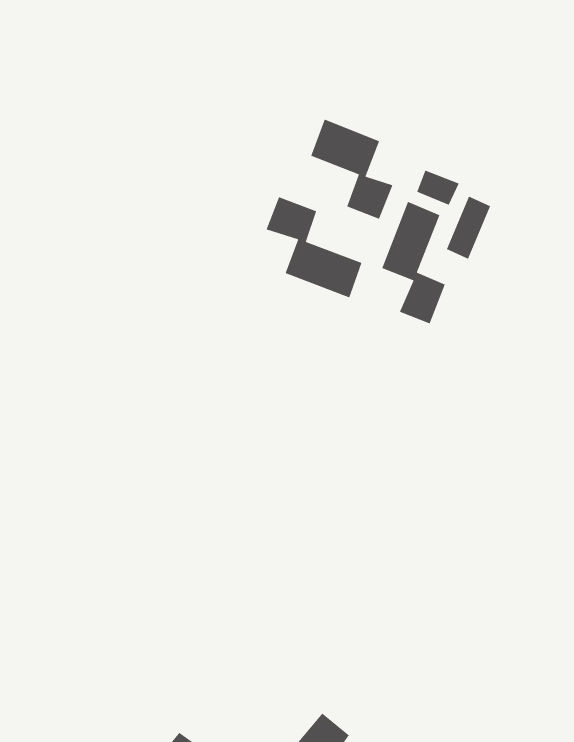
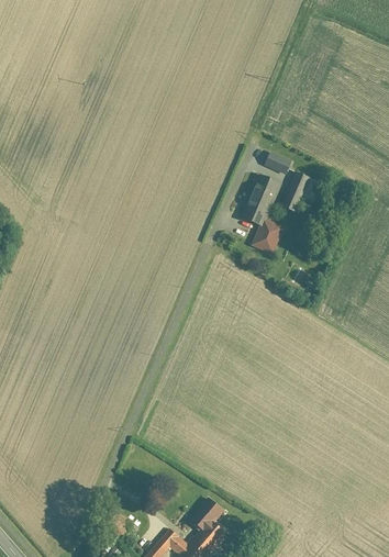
building: [310,118,393,220] -> none
building: [266,196,363,299] -> none

